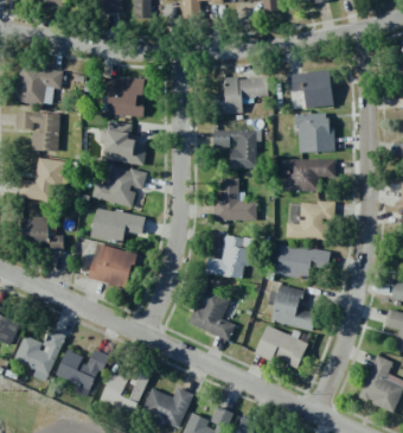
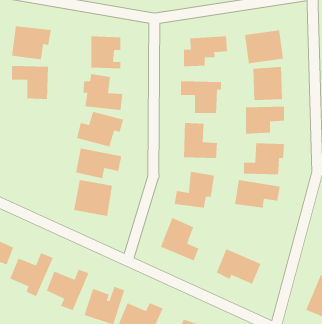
building: [19,157,65,200] -> none
building: [21,216,63,248] -> none
building: [270,284,315,330] -> none

